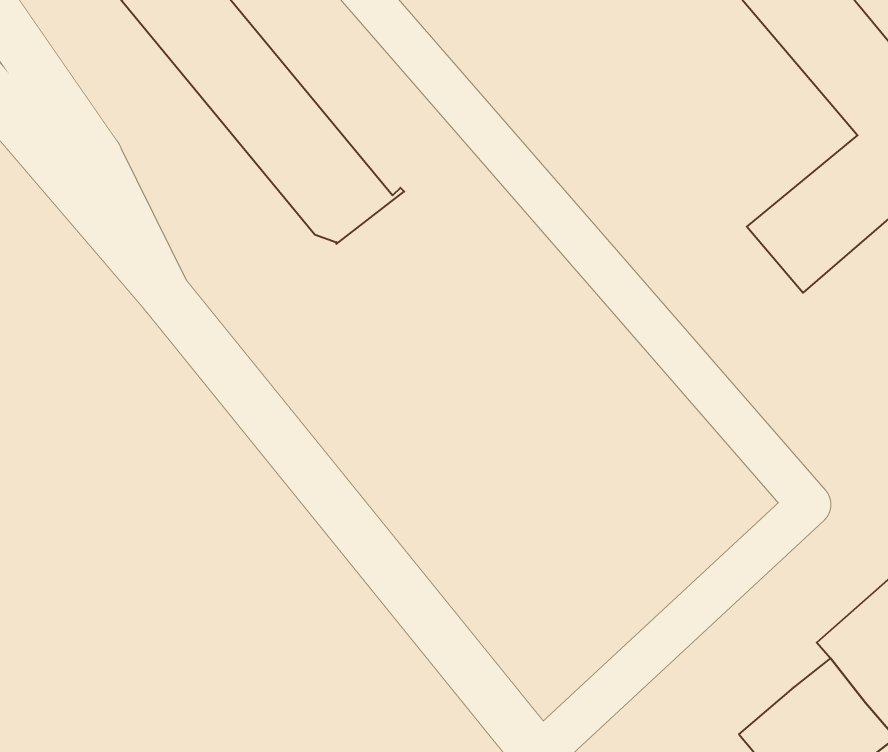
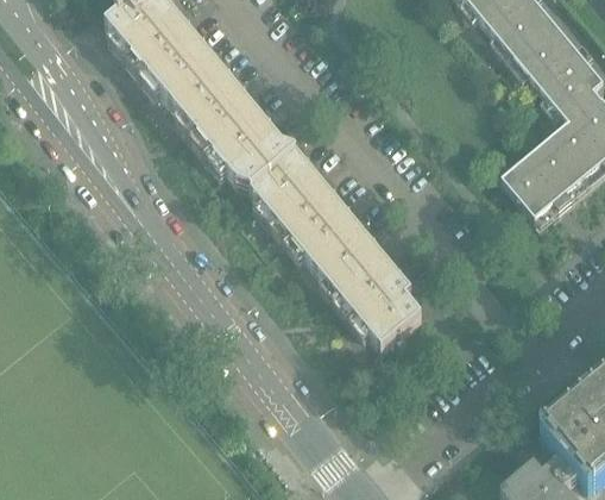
building: none -> [251,154,423,344]

